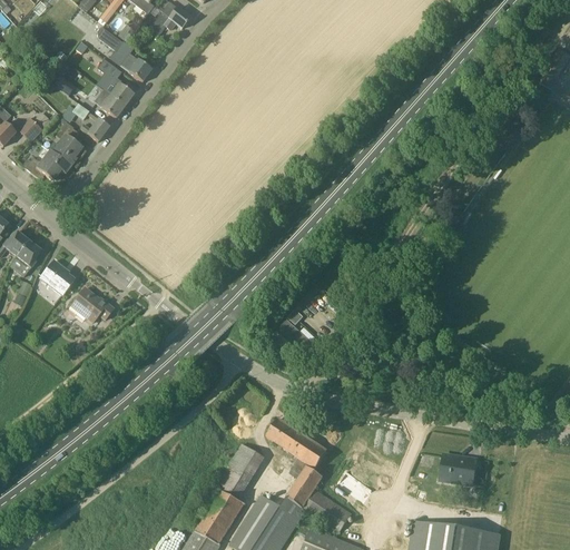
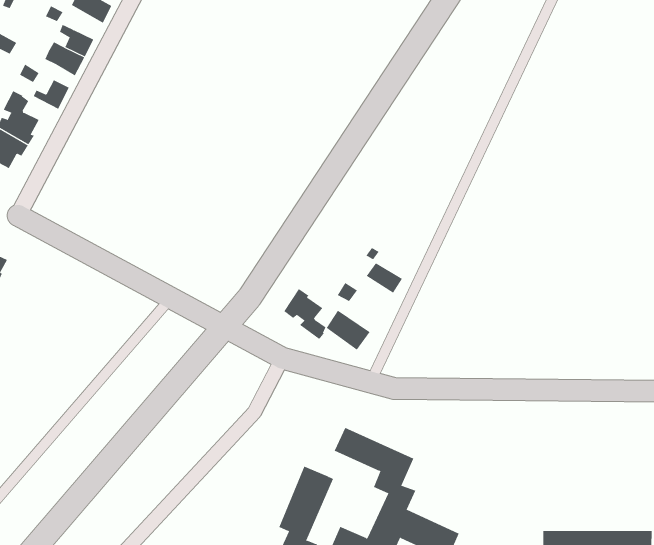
building: [42,261,73,295] -> none
building: [70,288,115,324] -> none
building: none -> [284,288,326,340]
building: [440,455,476,485] -> none

